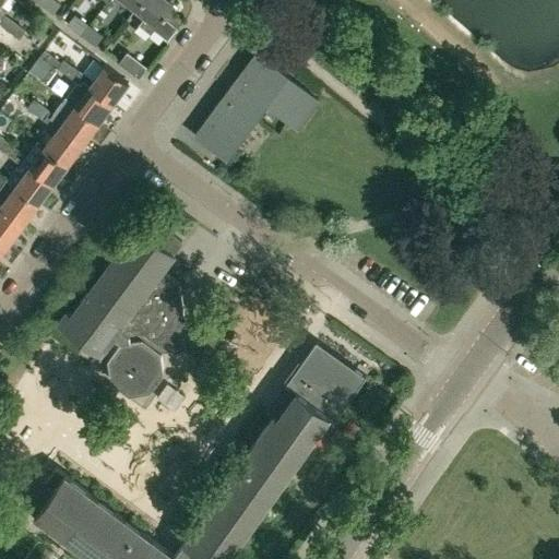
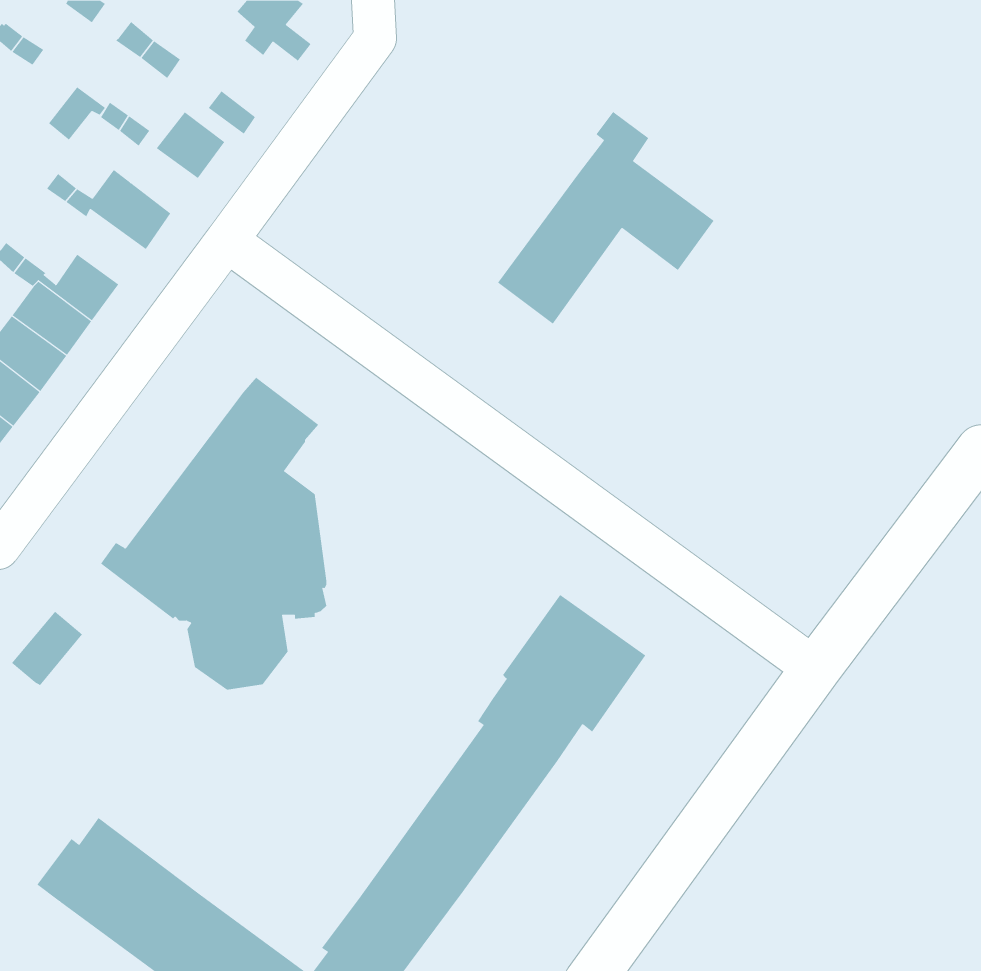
building: [194,43,318,164] -> [497,111,715,325]
building: [74,91,112,128] -> none
building: [44,131,83,168] -> none
building: none -> [11,611,83,686]

